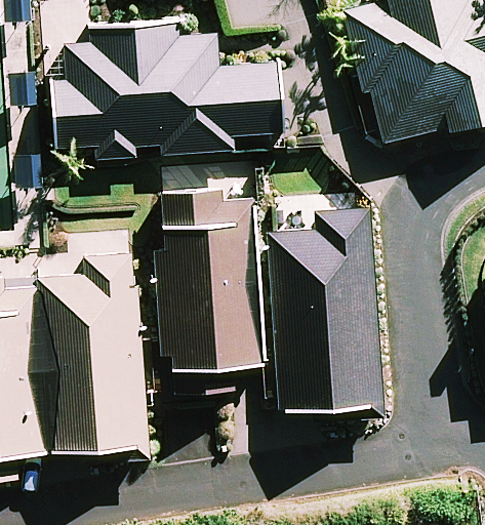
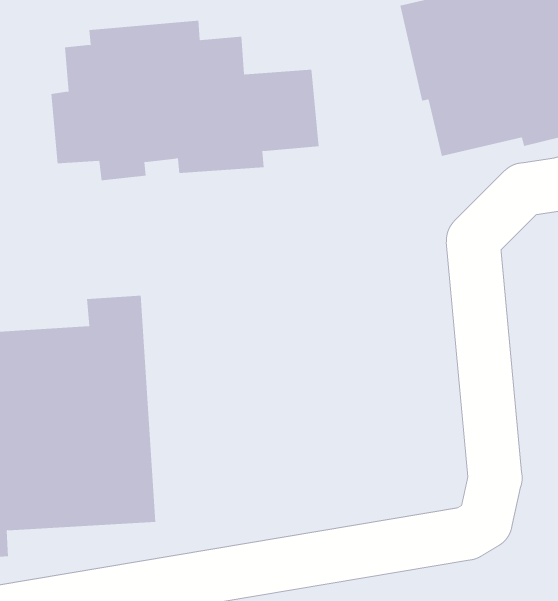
building: [158,188,261,389] -> none
building: [273,208,379,412] -> none

